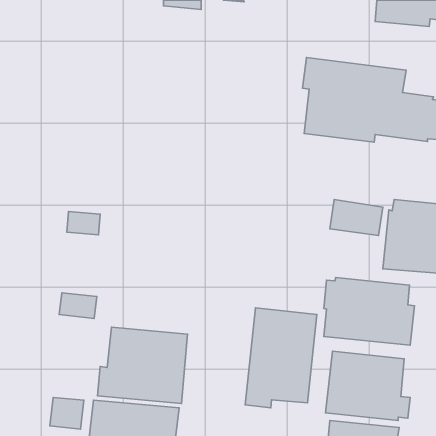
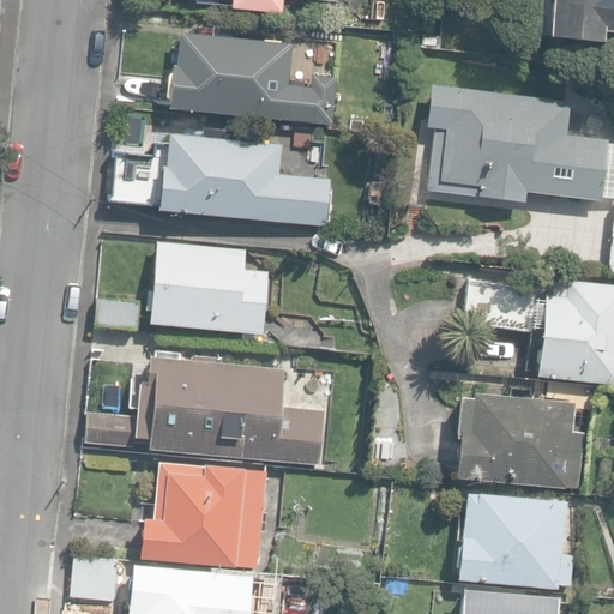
building: none -> [174,28,321,124]
building: none -> [161,127,336,228]
building: none -> [150,240,269,337]
building: none -> [148,354,326,462]
building: [245,308,317,408] -> none

